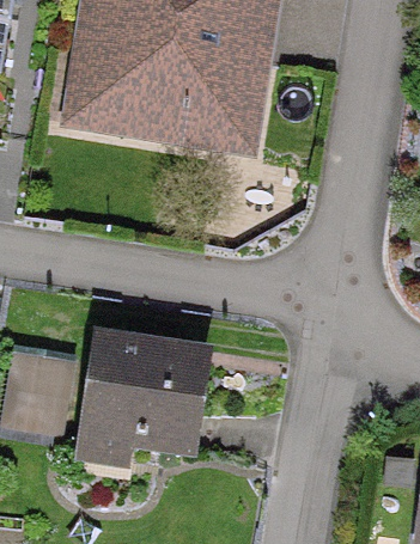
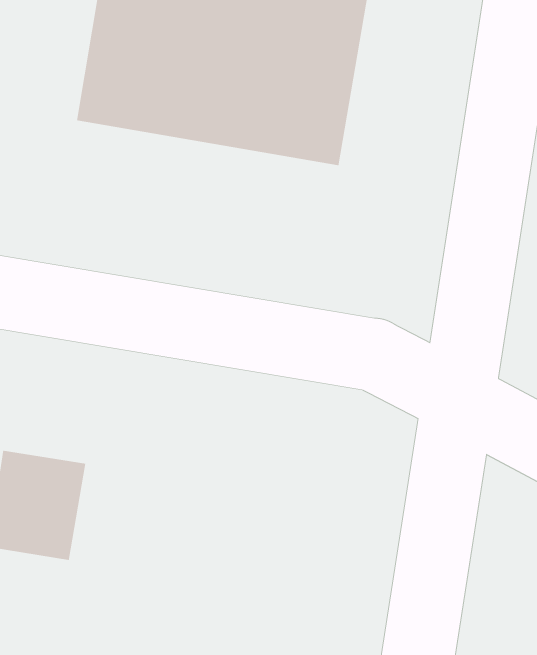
building: [77,348,202,462] -> none

